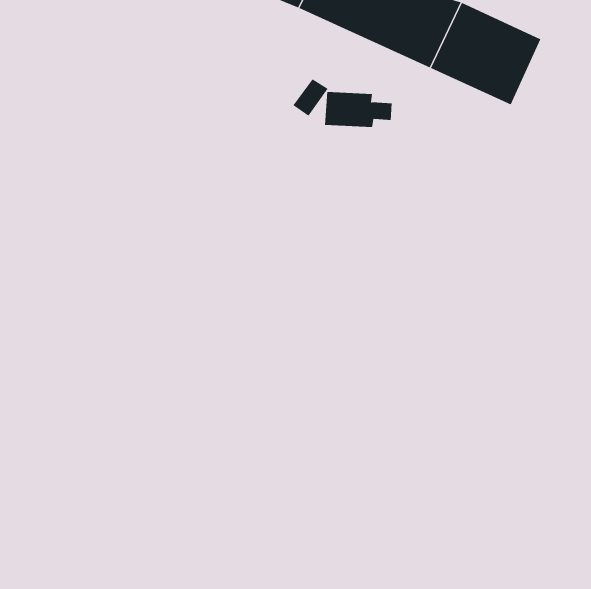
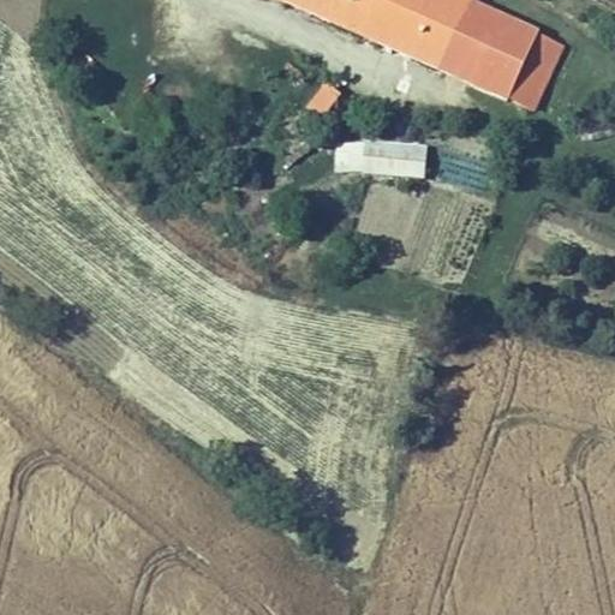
building: [324,92,393,127] -> [358,141,429,178]

